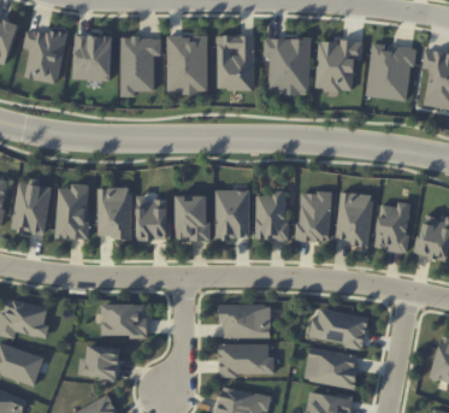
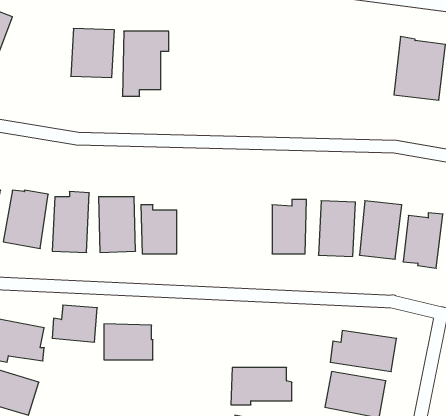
building: [23,28,66,83] -> none
building: [166,35,207,93] -> none
building: [217,35,254,89] -> none
building: [264,37,311,93] -> none
building: [315,40,362,92] -> none
building: [214,190,250,238] -> none
building: [176,195,208,240] -> none
building: [220,303,271,338] -> none
building: [78,346,119,379] -> [52,305,97,342]

